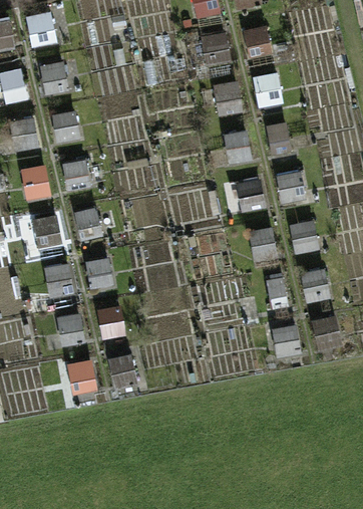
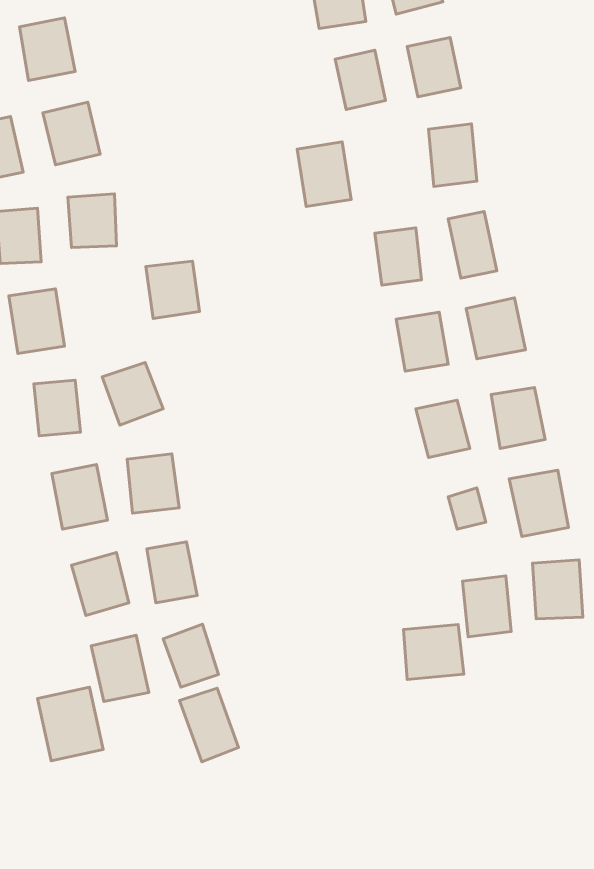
building: [214,79,244,115] -> [297,142,351,207]
building: [62,159,92,191] -> [146,261,200,319]
building: none -> [404,624,464,680]
building: none -> [38,687,103,761]
building: none -> [180,688,238,762]

